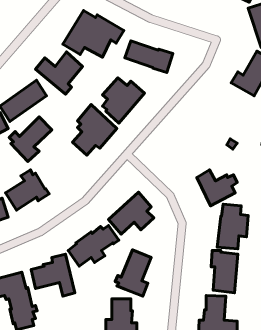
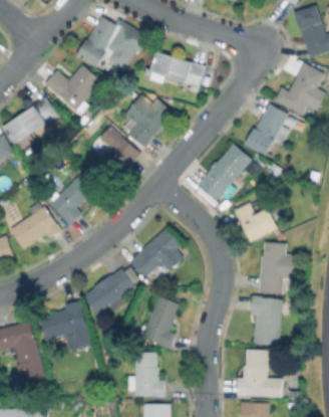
building: none -> [246,103,288,156]
building: [9,117,52,162] -> [47,173,97,225]
building: none -> [198,144,248,199]

